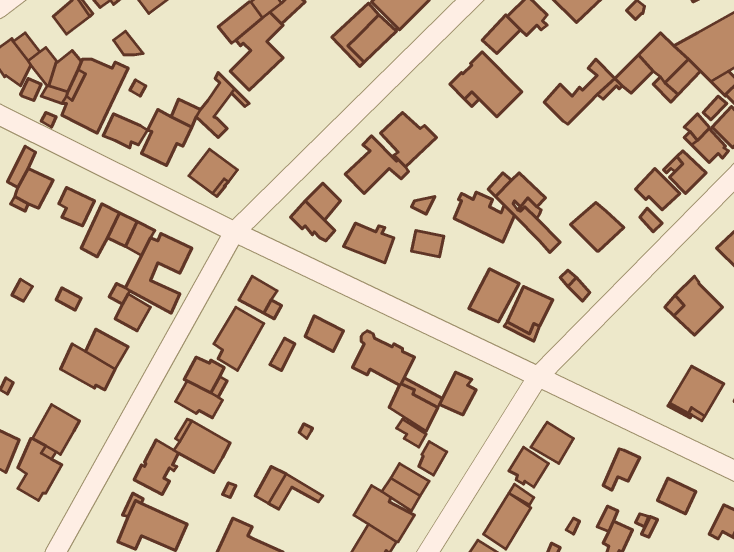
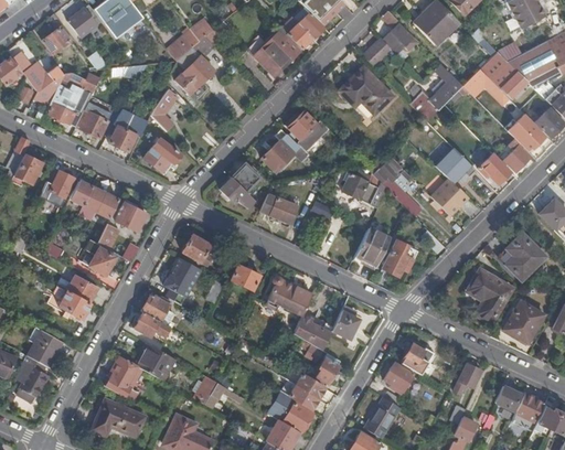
building: none -> [438,149,479,185]
building: none -> [470,269,512,322]
building: none -> [512,393,544,430]

